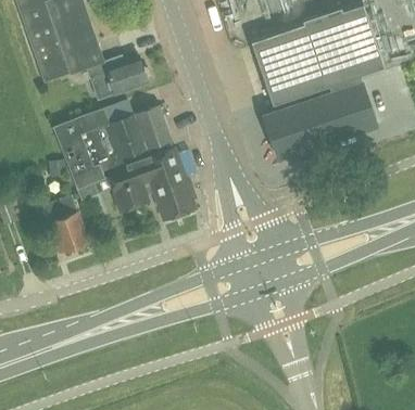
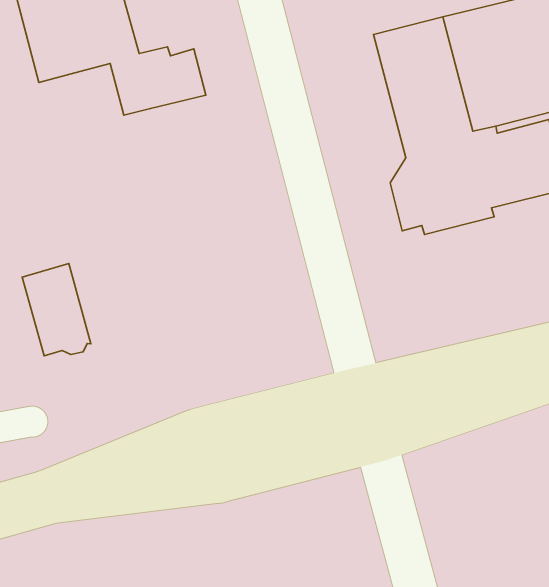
building: [55,105,194,219] -> none

